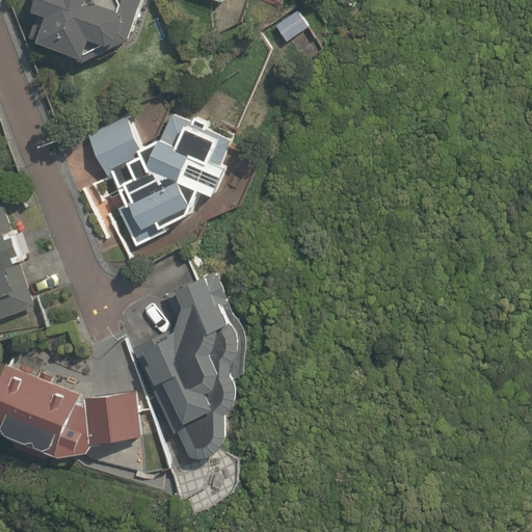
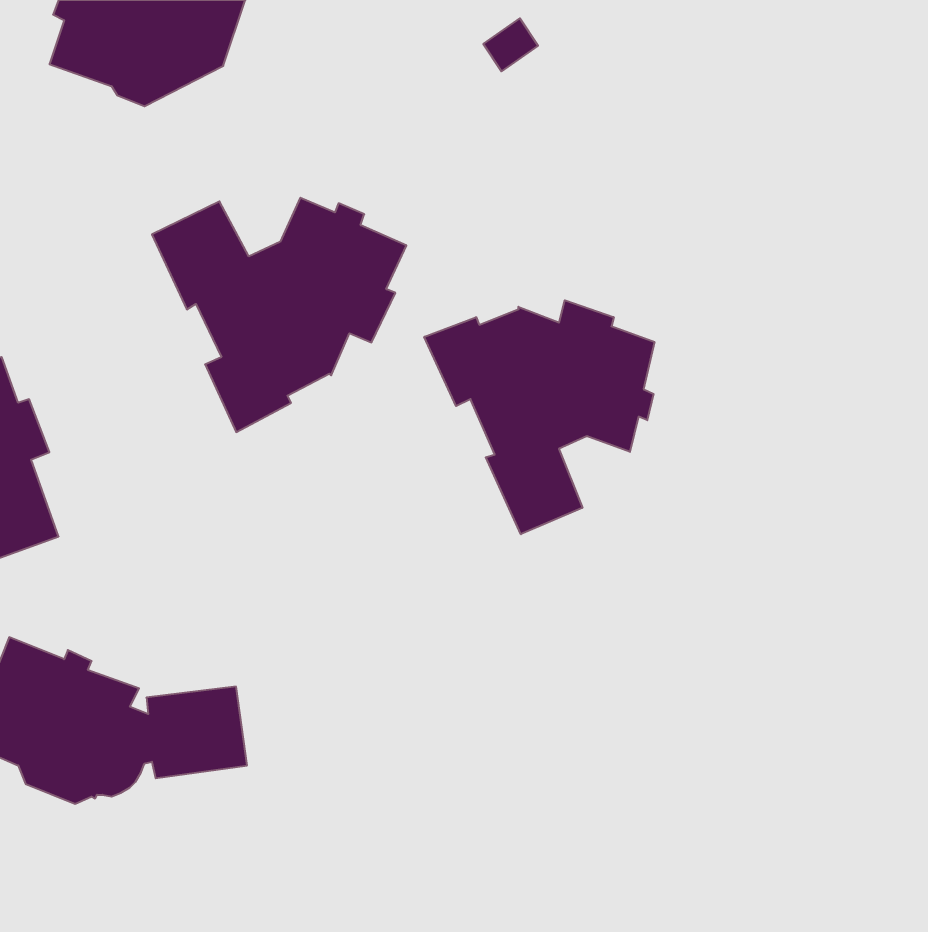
building: none -> [424,300,654,534]
building: [132,271,240,458] -> none

